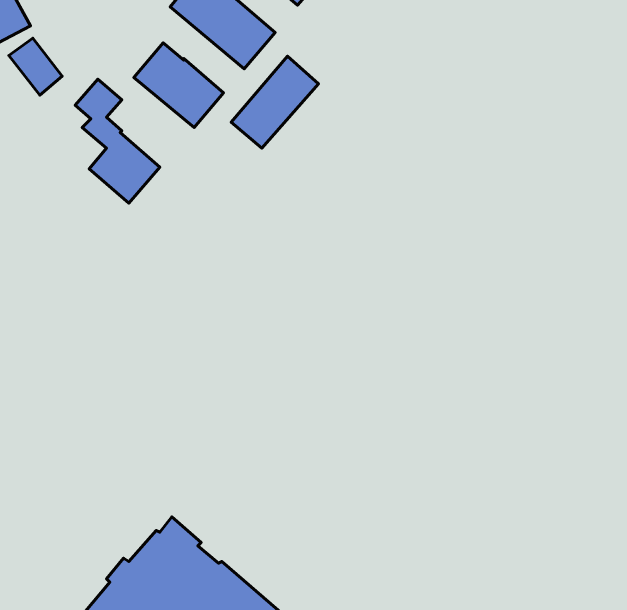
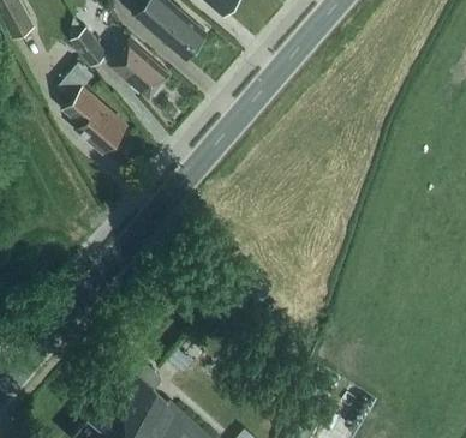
building: [9,38,62,95] -> [70,28,107,67]
building: [231,56,318,148] -> none

